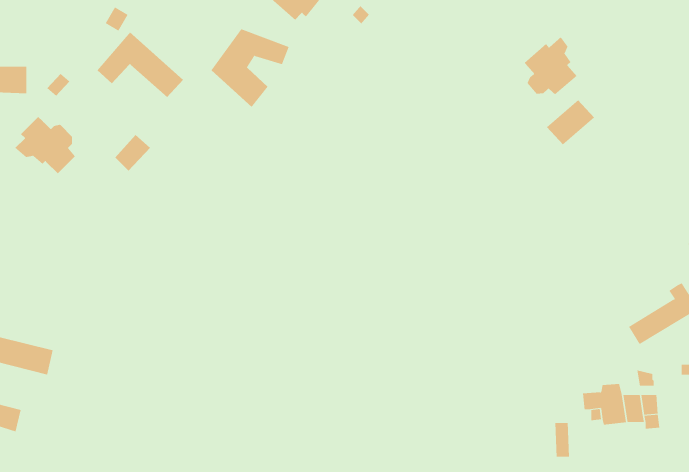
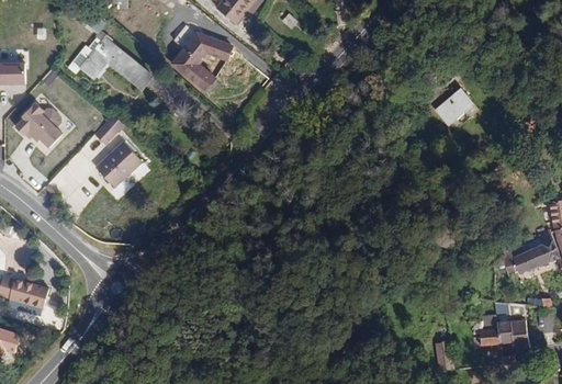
building: [524,37,577,95] -> none
building: none -> [94,143,142,189]

